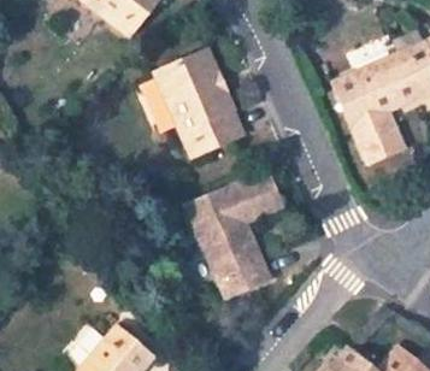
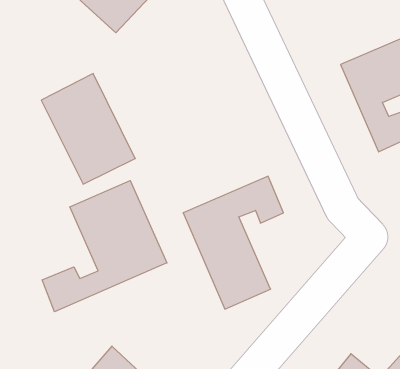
building: [149,54,238,159] -> [41,74,135,184]
building: none -> [42,181,167,312]

